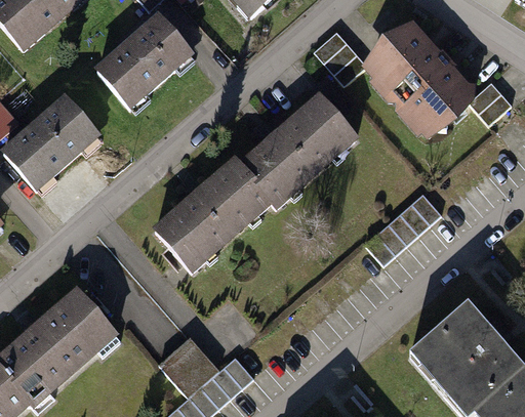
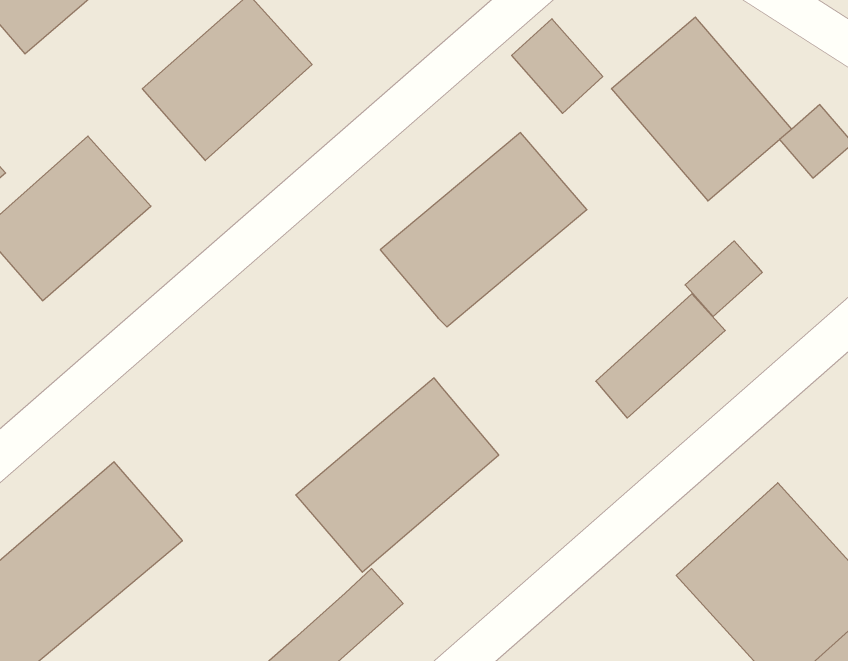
building: none -> [685,241,762,316]
building: [151,158,270,272] -> [296,378,499,572]
building: [163,338,215,390] -> none

